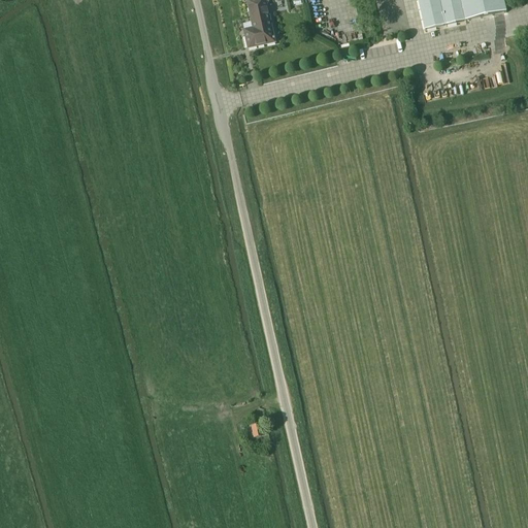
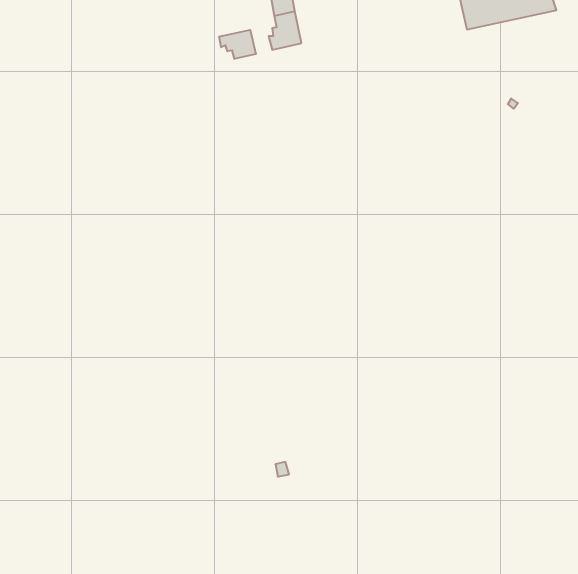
building: none -> [219,30,256,59]

